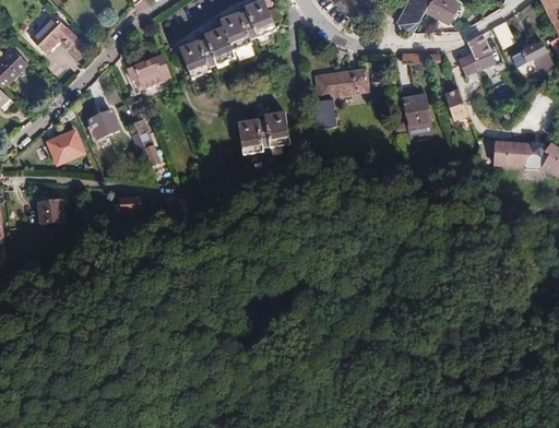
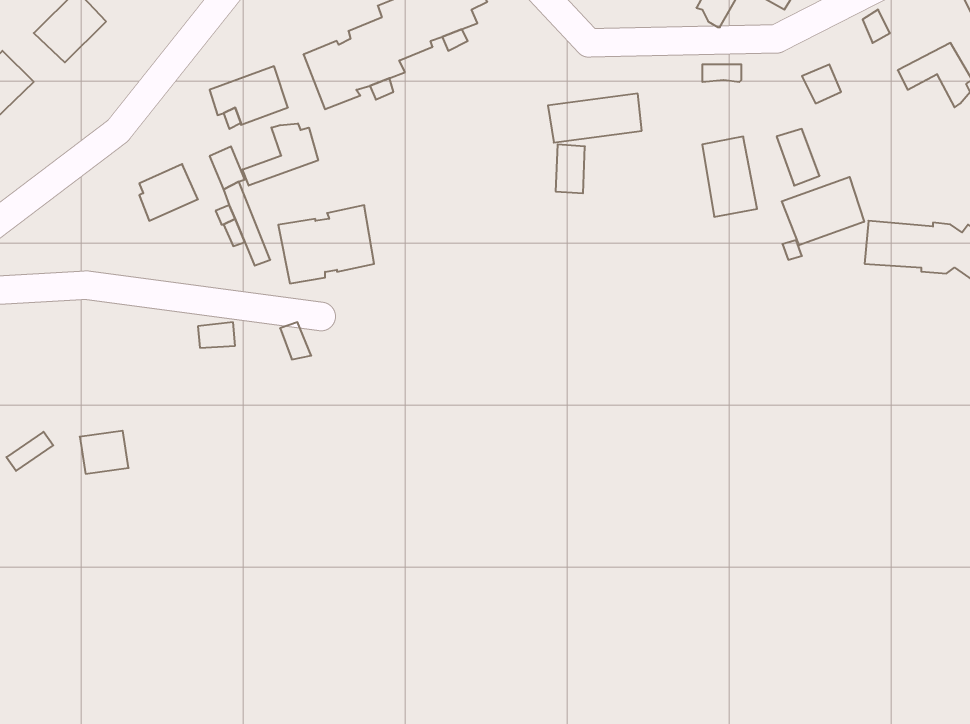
building: [467,33,495,70] -> none
building: none -> [242,123,318,186]
building: [237,110,290,154] -> [278,205,374,283]
building: none -> [782,177,864,245]
building: [46,129,84,164] -> none
building: [37,199,64,223] -> [80,431,129,474]

